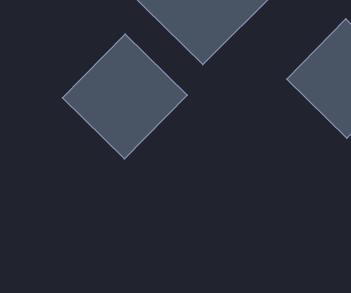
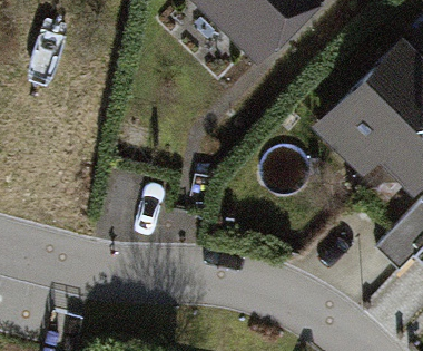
building: [63,34,187,159] -> none

